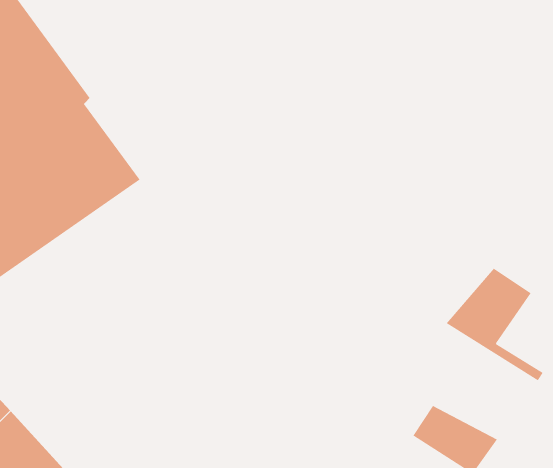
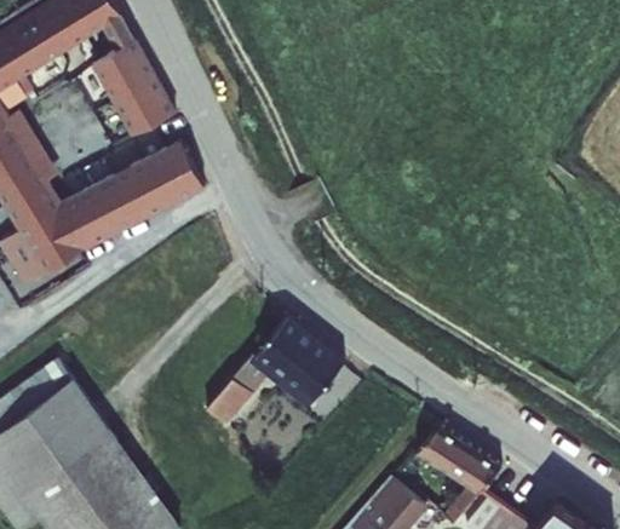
building: [446,268,544,381] -> none
building: none -> [199,326,346,435]

